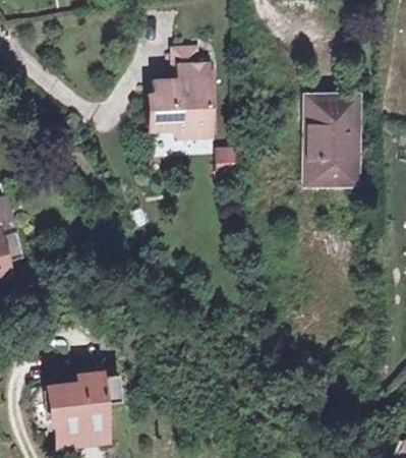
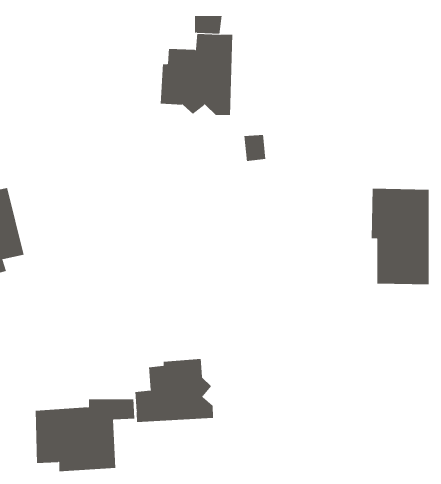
building: [306,98,357,181] -> [371,188,430,285]
building: none -> [135,358,214,423]

